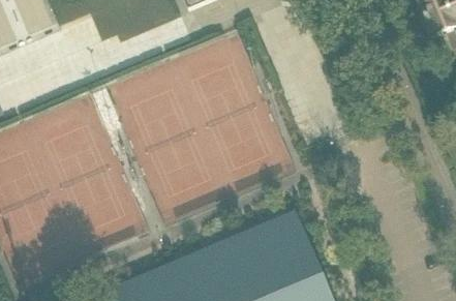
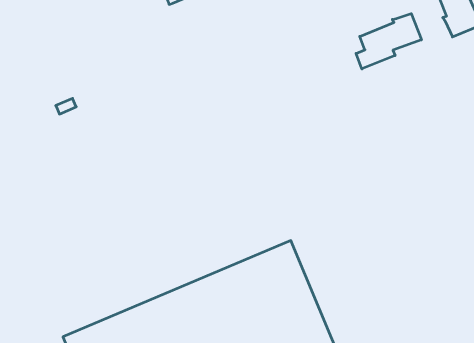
building: none -> [356,14,421,69]

